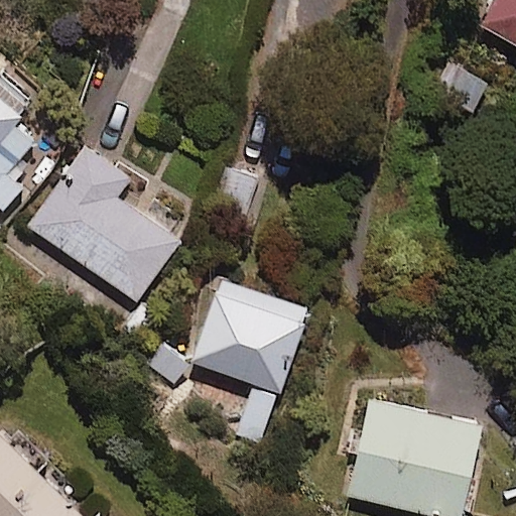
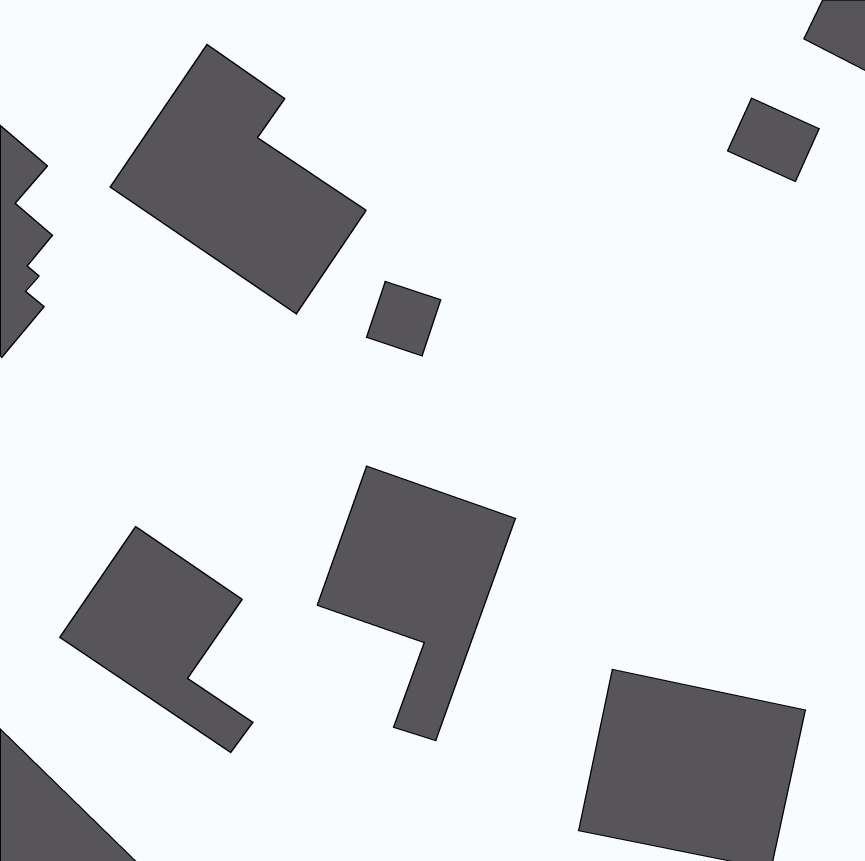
building: [27,142,179,302] -> [110,44,366,314]
building: none -> [60,527,253,753]

